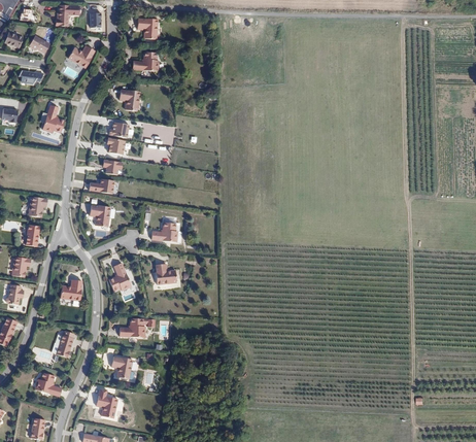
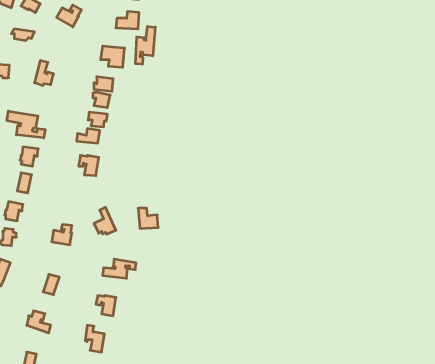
building: none -> [136,26,155,64]
building: none -> [7,111,45,138]
building: [151,223,178,243] -> none

